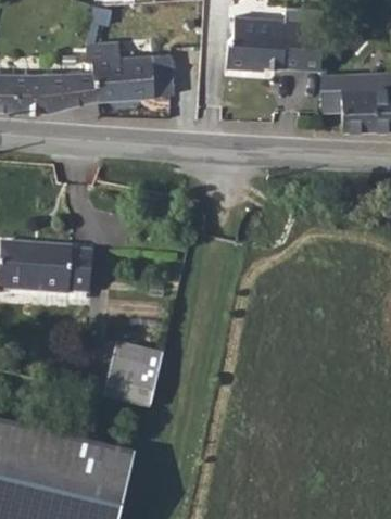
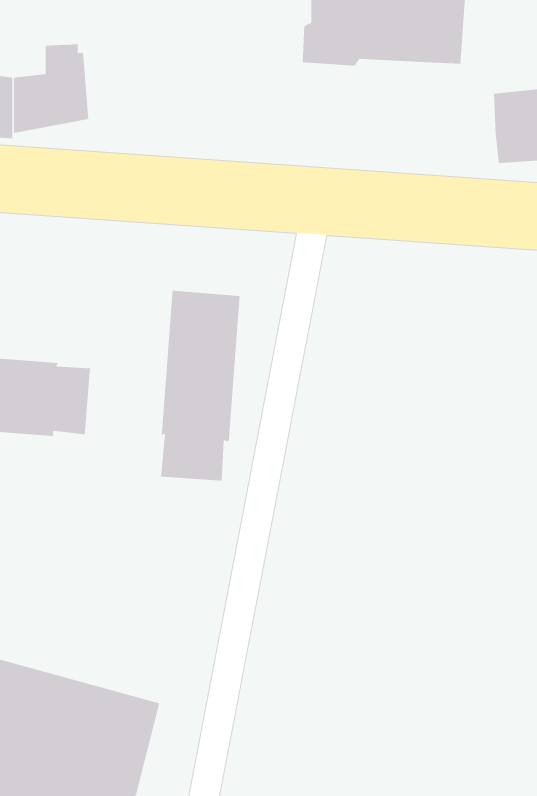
building: [85,39,167,100] -> none
building: none -> [160,290,241,481]
building: [104,343,164,409] -> none

